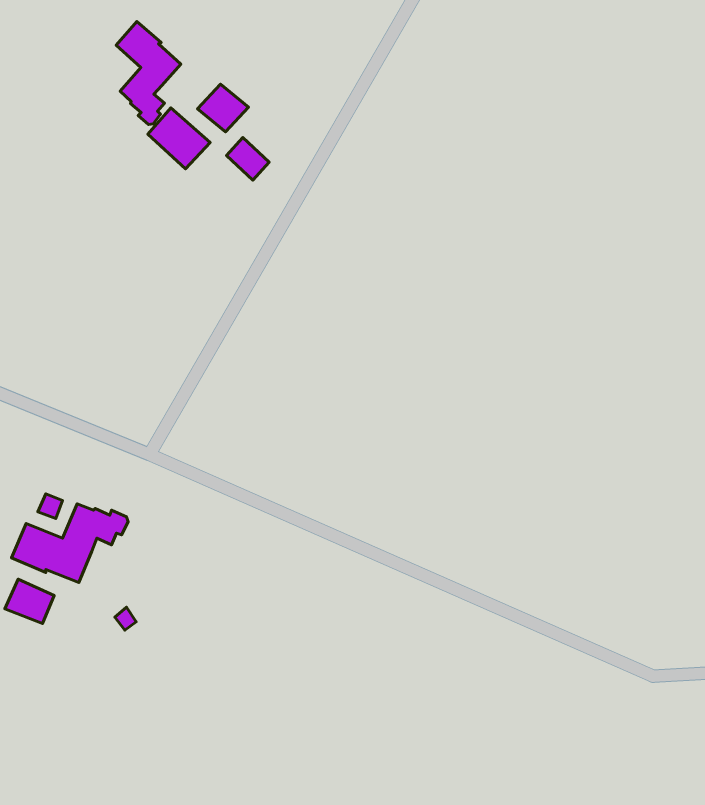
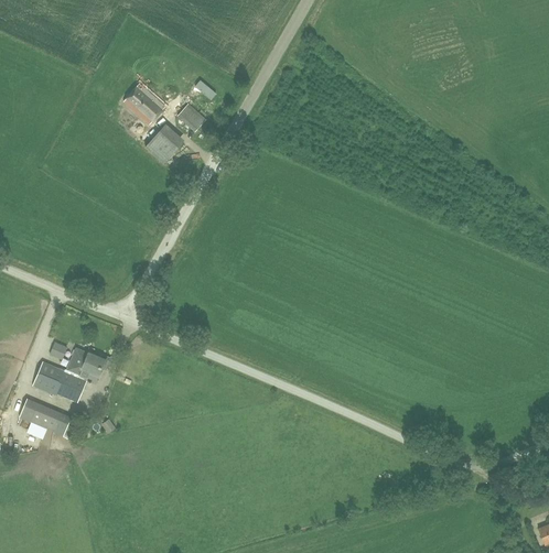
building: [116,21,181,124] -> none
building: [198,84,249,132] -> [144,131,179,163]

